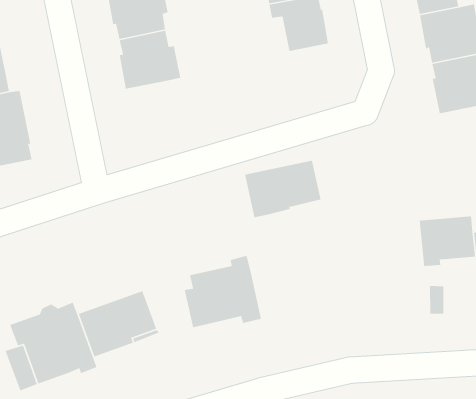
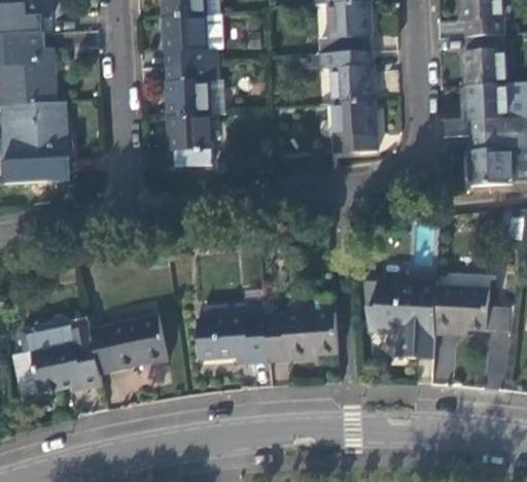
building: none -> [332,102,376,154]
building: none -> [167,115,210,167]
building: [244,160,322,218] -> [265,313,337,361]
building: none -> [364,280,436,359]

